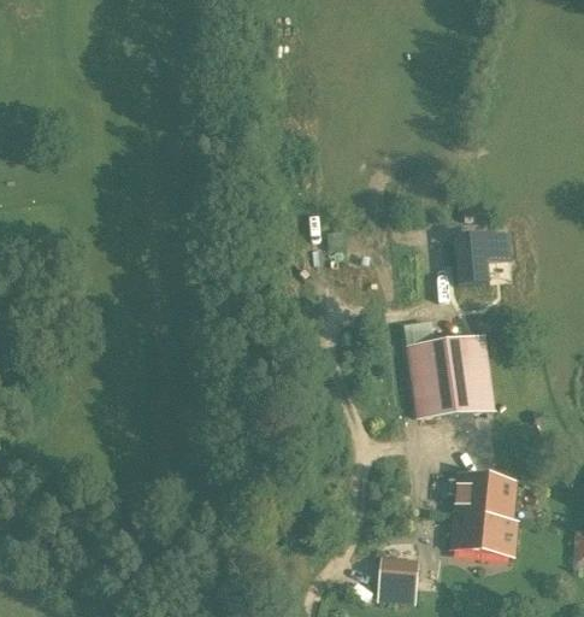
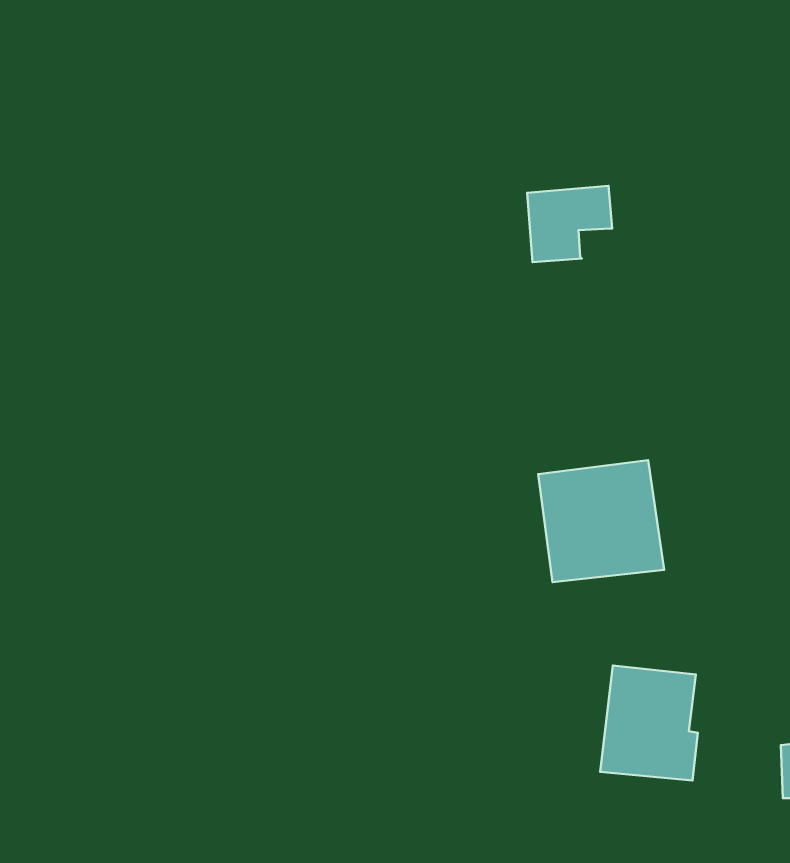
building: [453,230,511,282] -> [527,186,612,262]
building: [377,554,418,603] -> none

